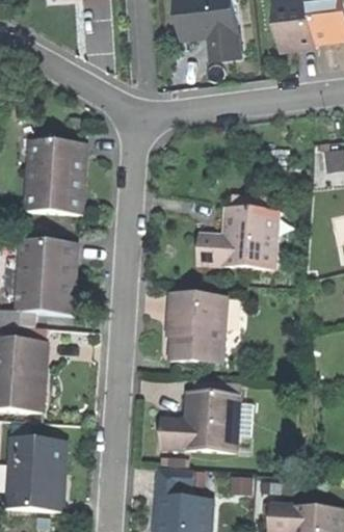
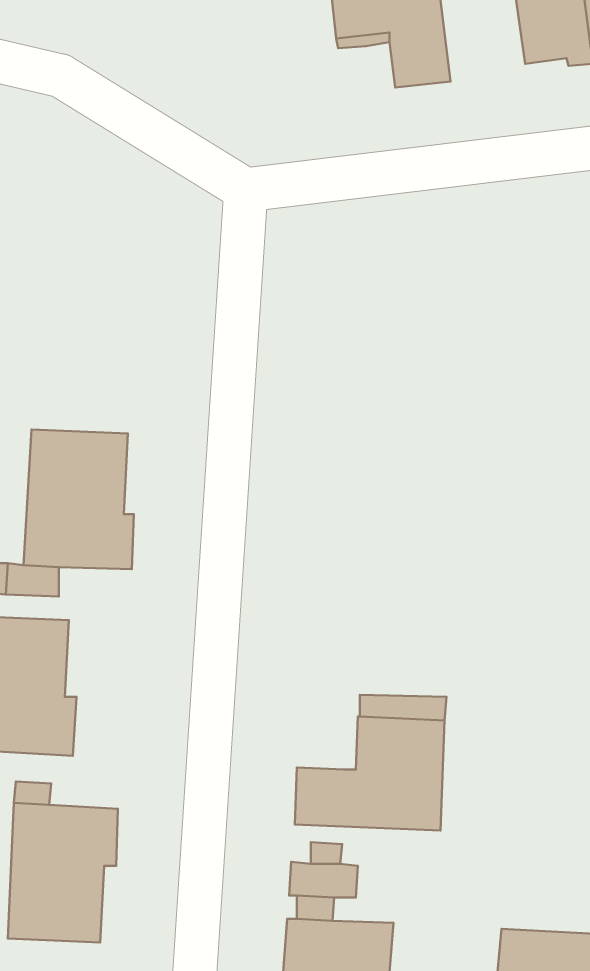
building: [25,138,84,213] -> none
building: [197,208,275,267] -> none
building: [167,295,226,362] -> none

